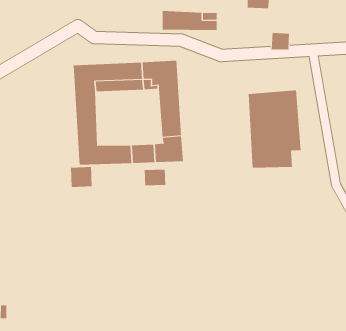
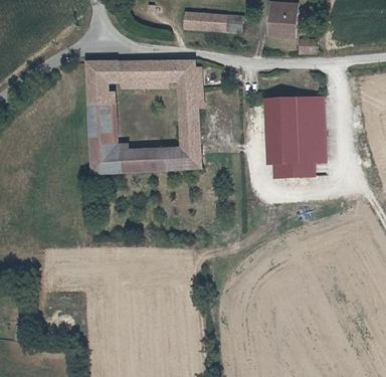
building: none -> [268,9,293,35]
building: [70,166,92,188] -> none
building: [144,169,166,186] -> none

